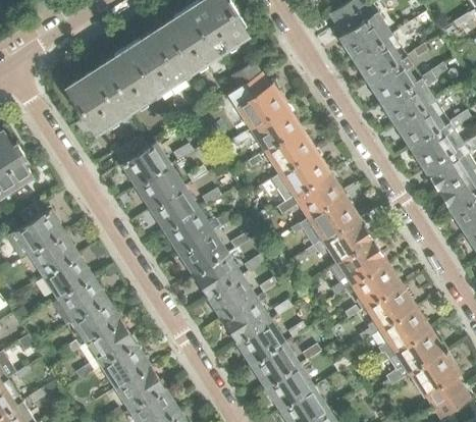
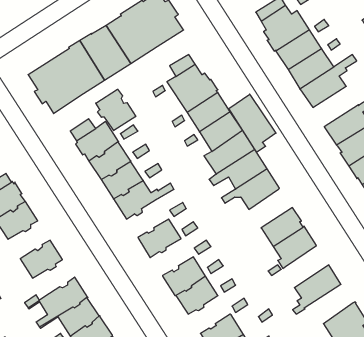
building: [398,101,451,148] -> none
building: none -> [96,89,136,131]
building: none -> [229,94,276,152]
building: [323,220,374,265] -> none
building: [181,232,230,276] -> none
building: [44,257,93,301] -> none
building: [210,277,259,320] -> none
building: [360,285,416,344] -> none
building: [72,302,121,345] -> none
building: [386,330,444,387] -> none
building: [253,344,302,387] -> none

